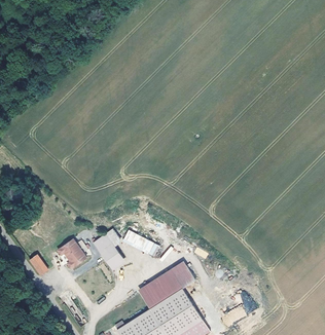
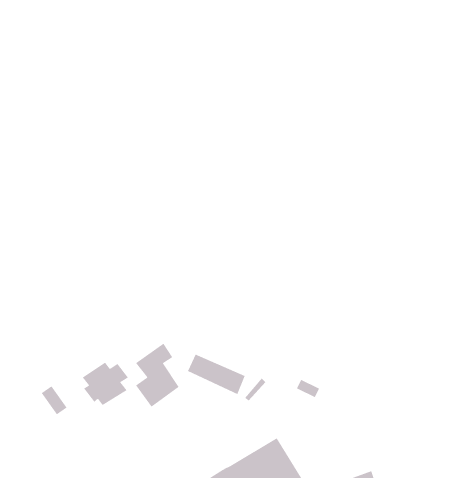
building: [141,266,196,309] -> none

